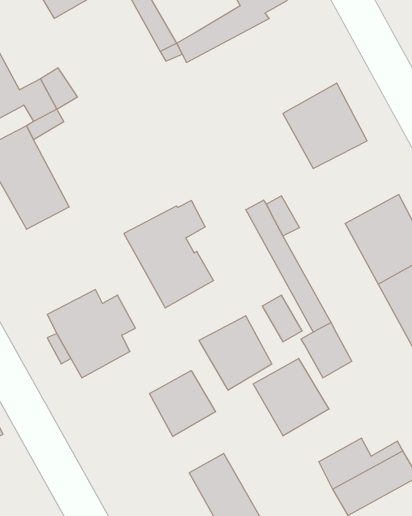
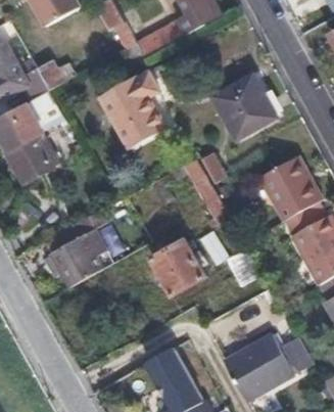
building: [124,201,214,308] -> [97,72,163,151]
building: [253,358,329,436] -> none
building: [150,371,216,437] -> none

